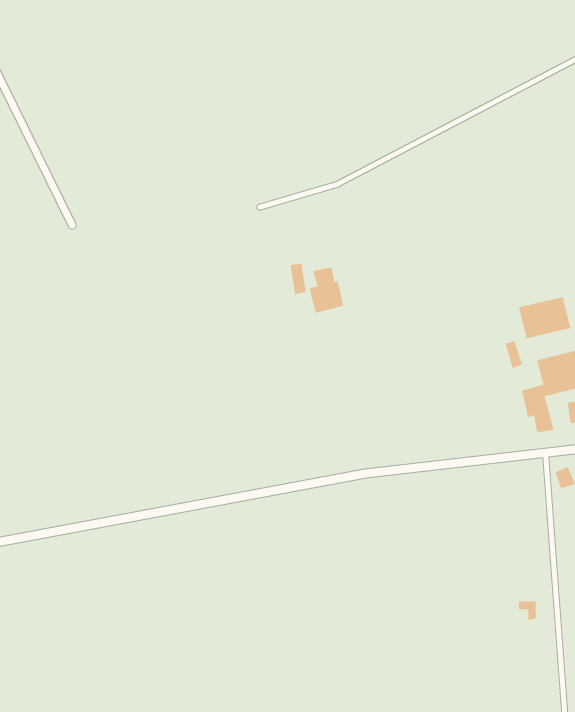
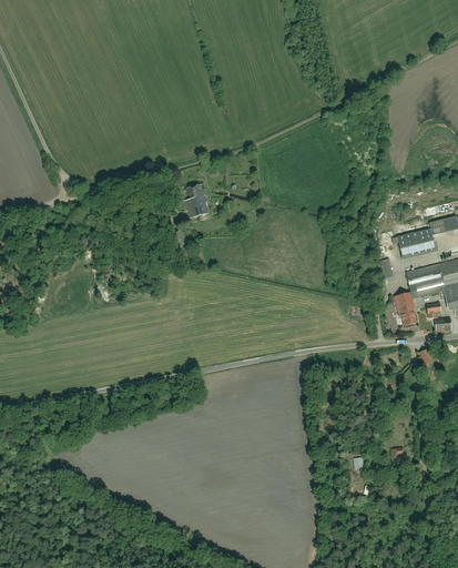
building: [309,267,344,313] -> [184,183,210,217]

